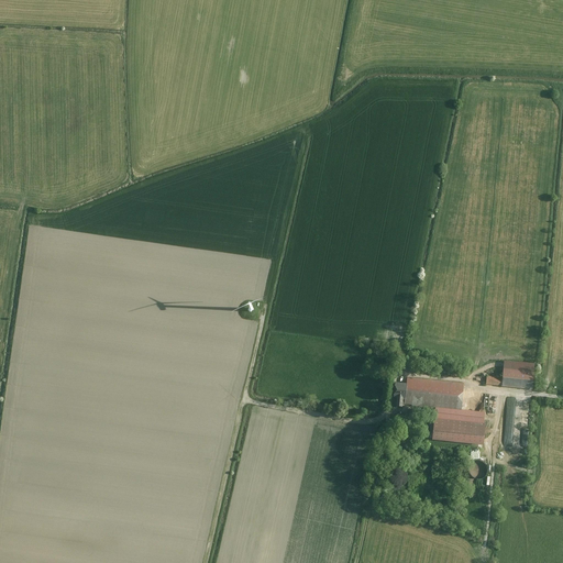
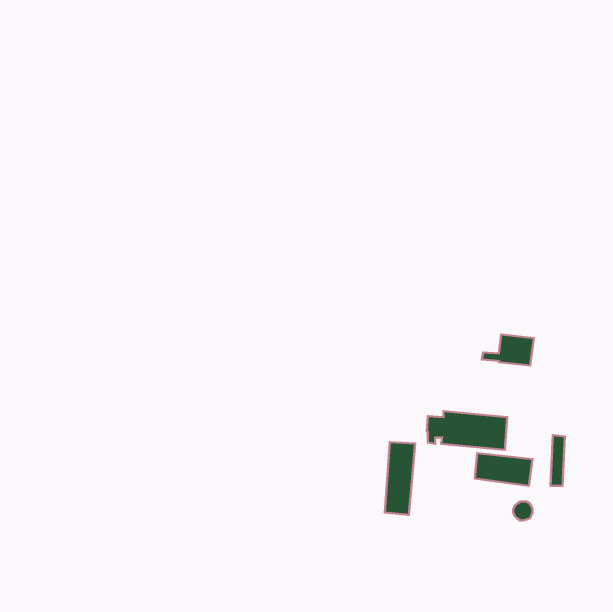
building: [486,358,533,387] -> [482,334,534,366]
building: none -> [385,442,415,515]

